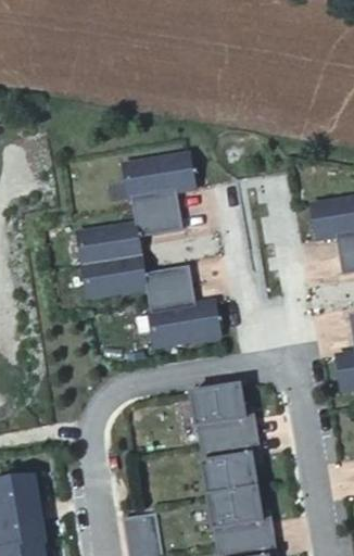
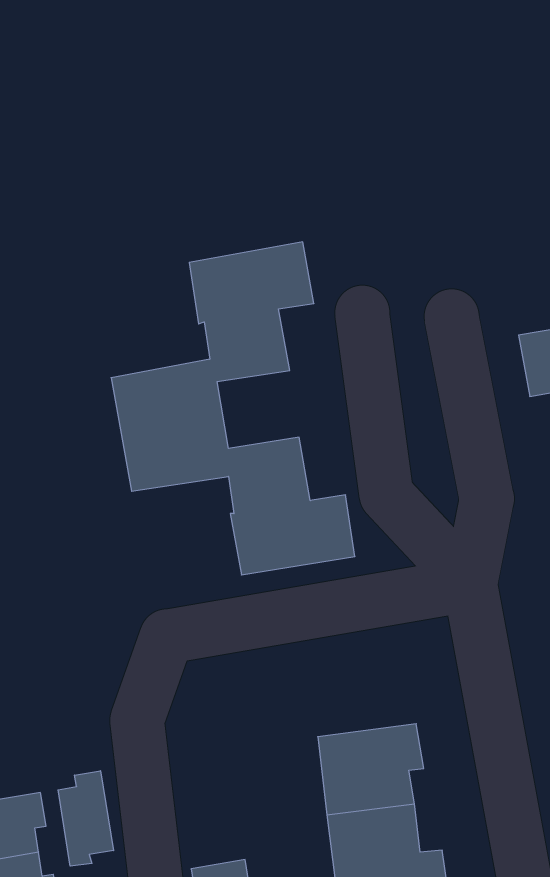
building: [190,379,256,442] -> none
building: none -> [58,771,114,866]

